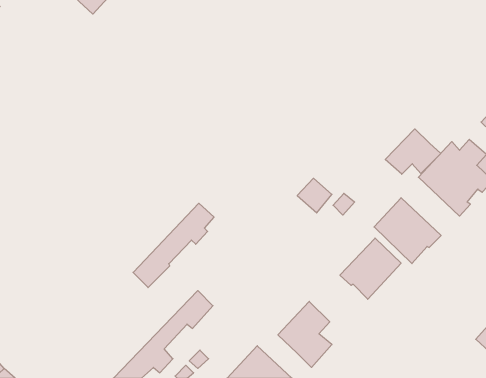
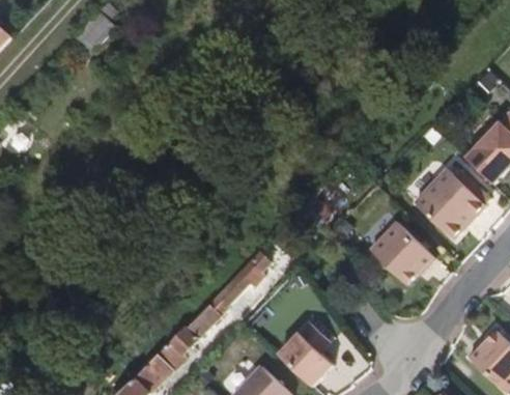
building: [385,129,441,174] -> none
building: [133,203,214,288] -> [201,244,279,325]
building: [340,238,401,299] -> none

